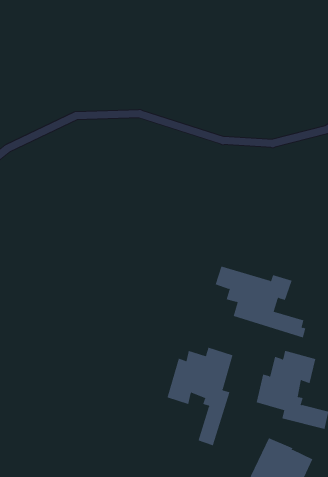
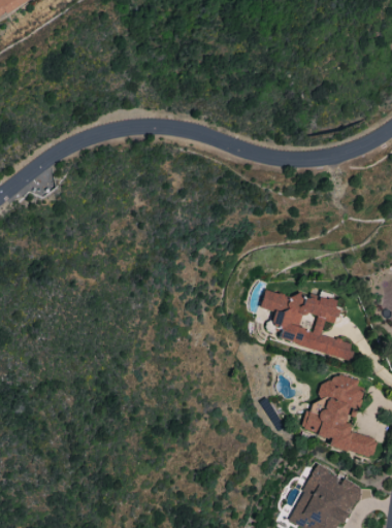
building: [167,347,233,446] -> none

